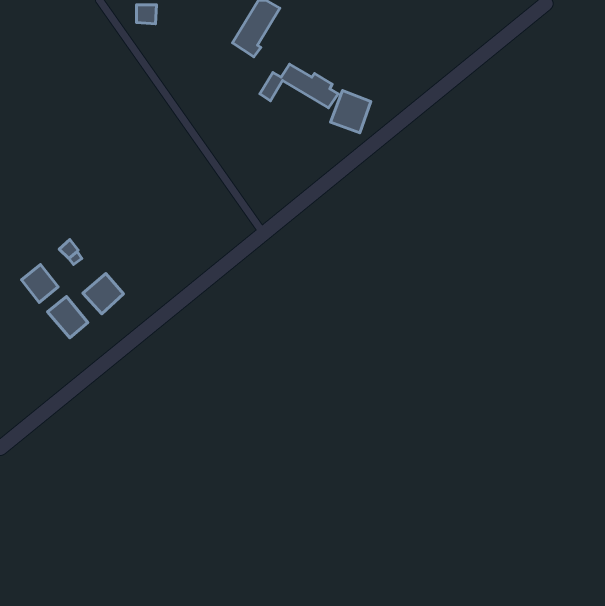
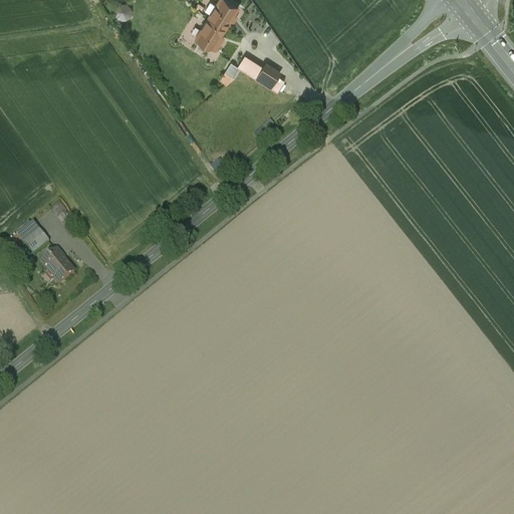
building: [330,91,371,133] -> none
building: [83,273,123,314] -> none

